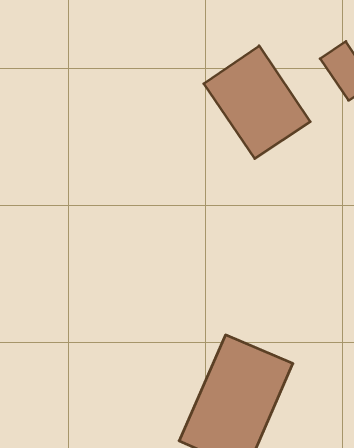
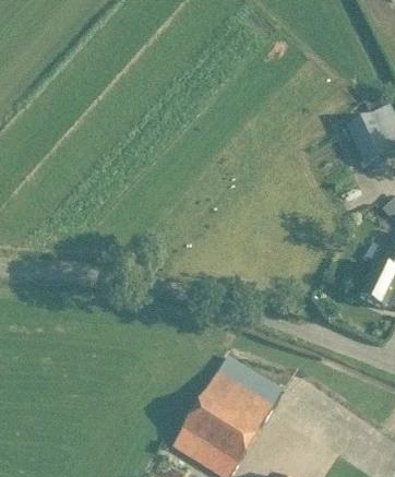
building: [204,46,310,159] -> none

